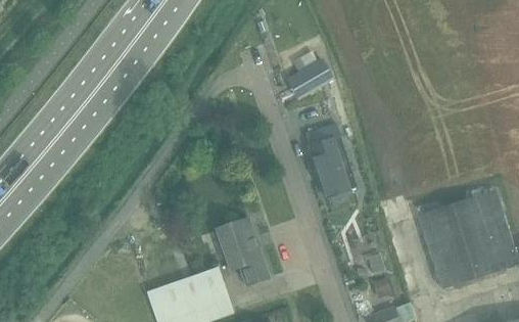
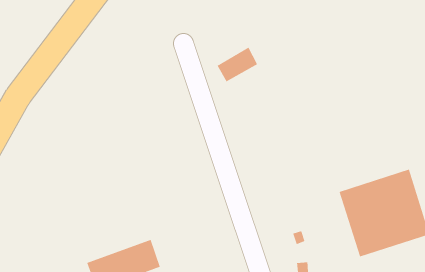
building: [305,125,357,197] -> none
building: [217,218,270,285] -> none

